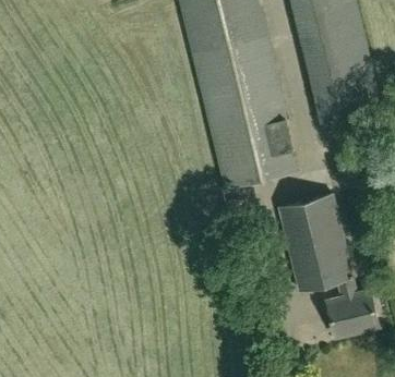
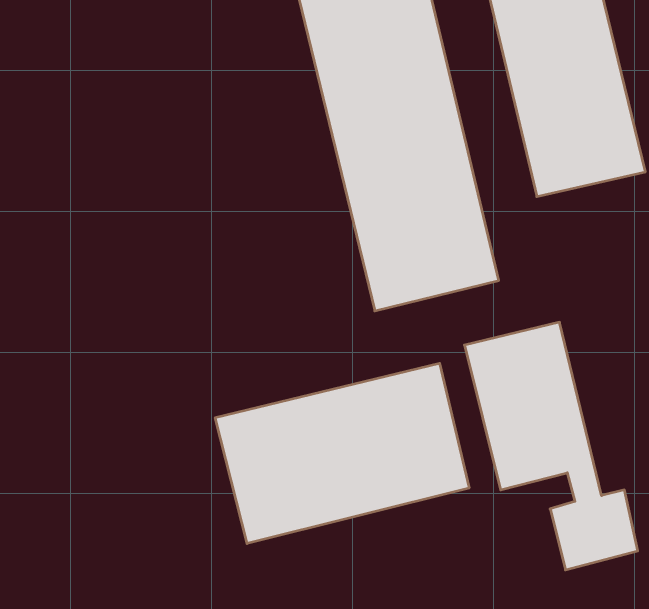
building: none -> [215,363,469,544]

